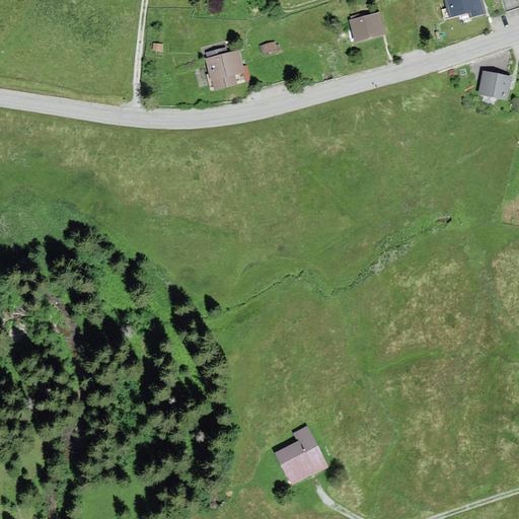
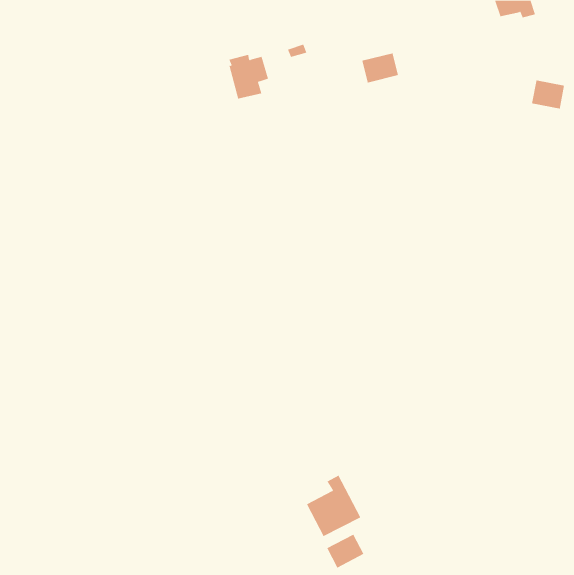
building: [350,13,383,41] -> [362,53,399,83]
building: none -> [327,534,364,568]

